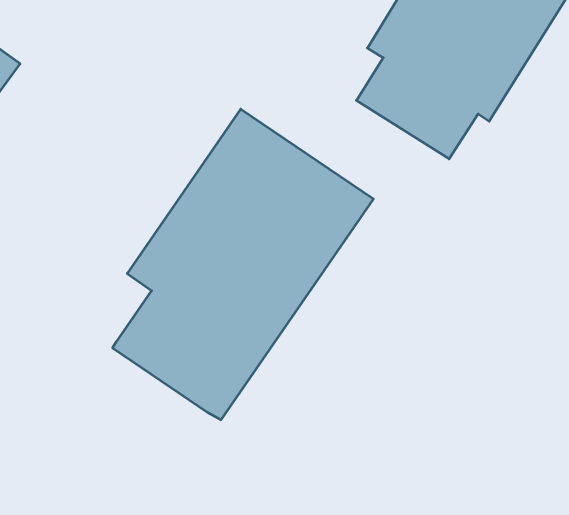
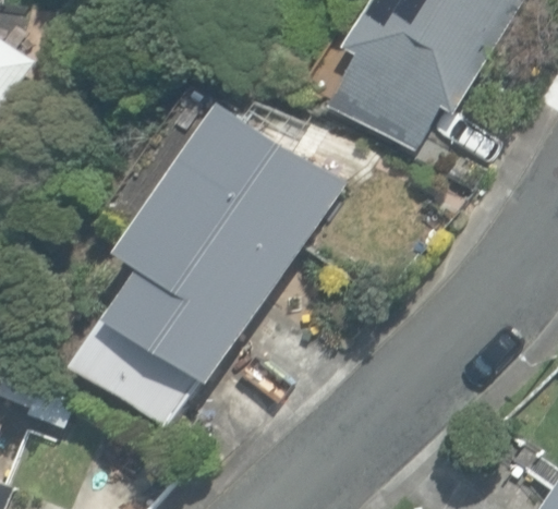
building: none -> [73,310,195,426]

